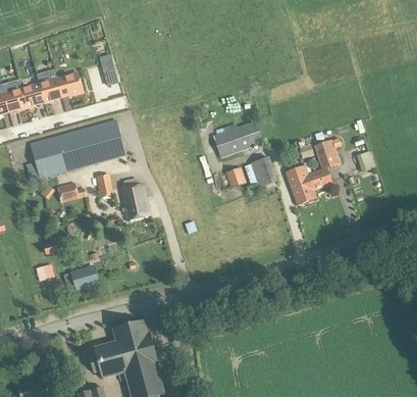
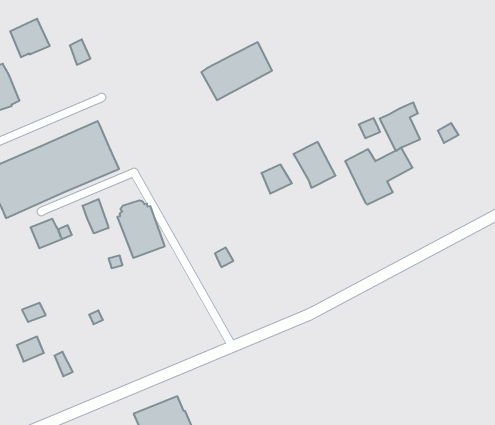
building: [57,70,84,96] -> [10,19,50,57]
building: [212,120,262,157] -> [201,42,272,100]
building: [69,265,99,291] -> none

